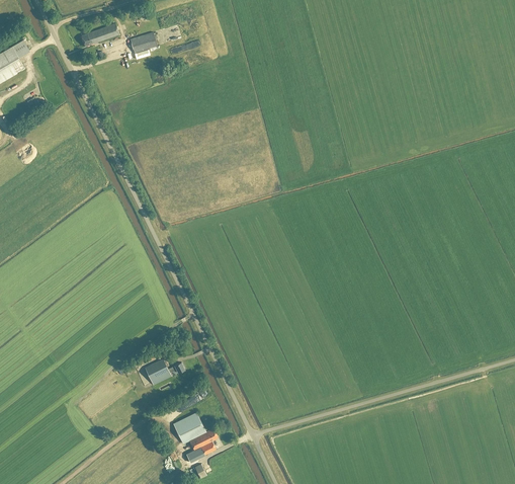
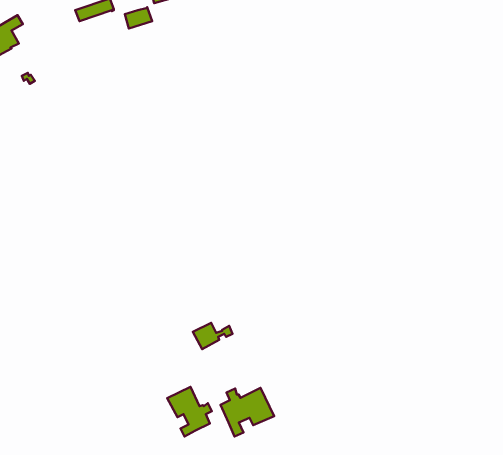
building: [144,358,183,385] -> [193,323,232,349]
building: none -> [221,388,274,437]

